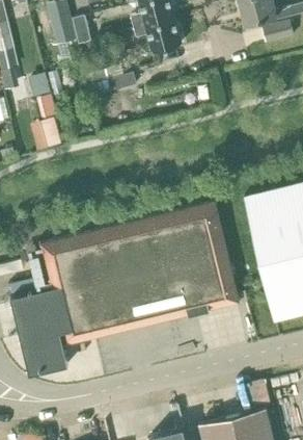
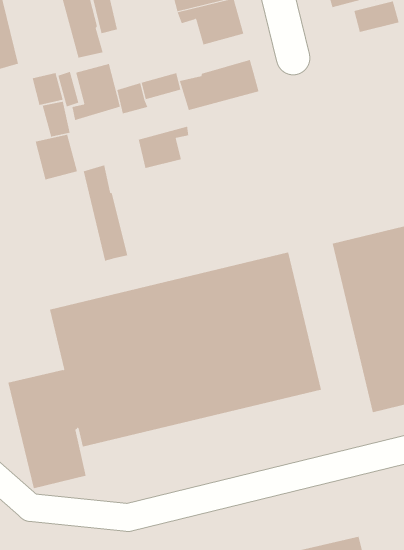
building: none -> [179,59,259,111]
building: none -> [72,63,121,121]
building: none -> [138,126,189,169]
building: none -> [83,164,128,261]

